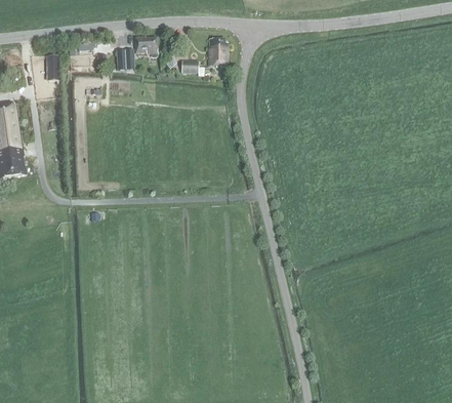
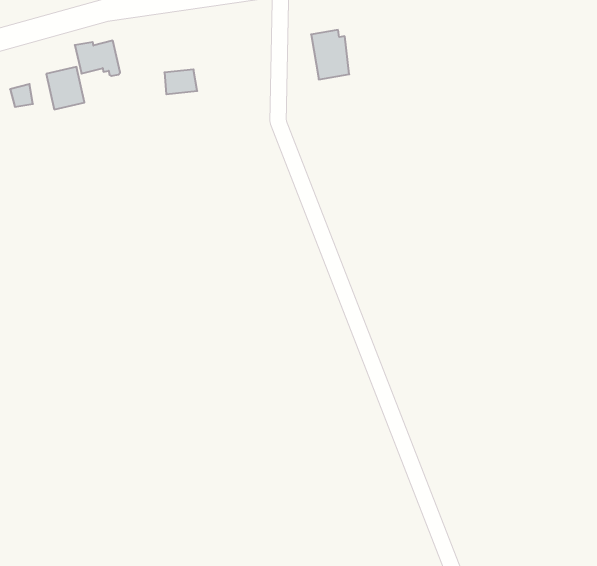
building: [207,39,225,65] -> [311,30,349,79]

